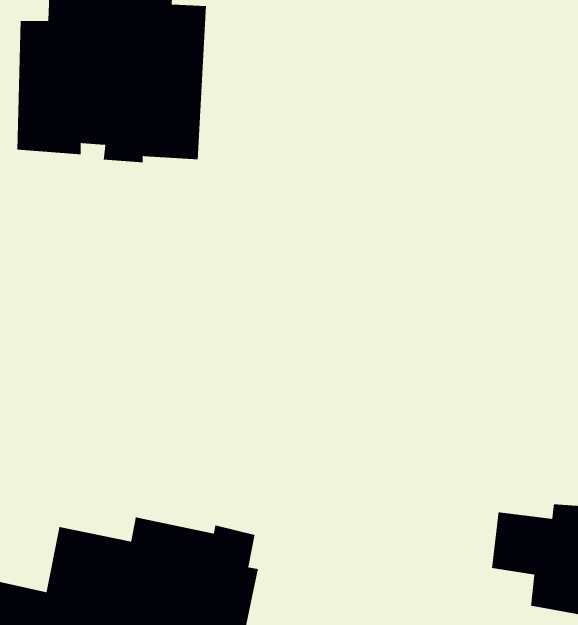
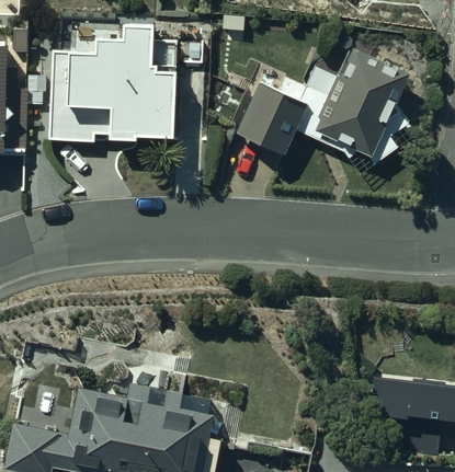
building: none -> [236,51,409,164]

